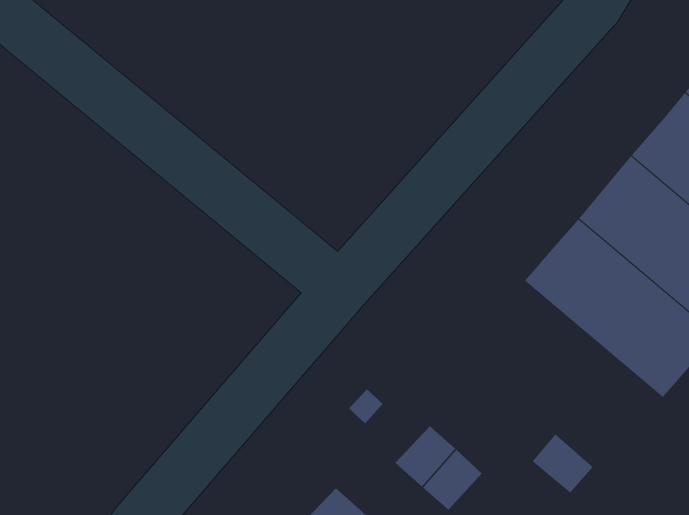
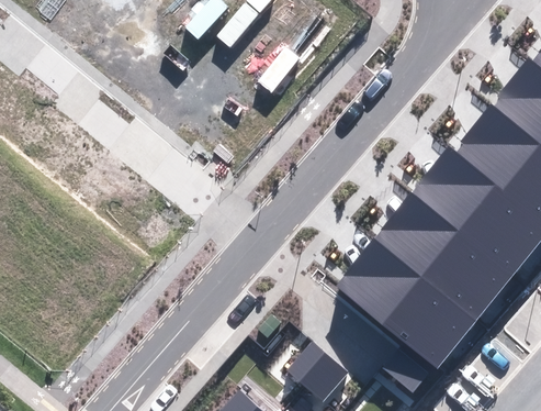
building: none -> [341,240,477,368]

